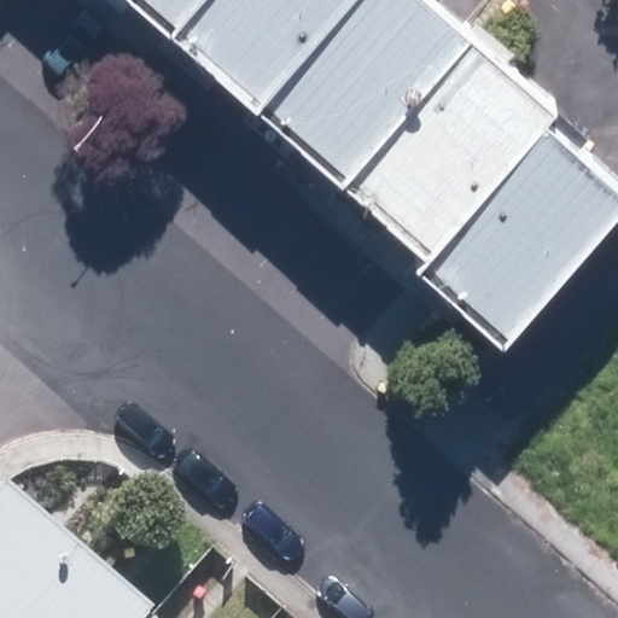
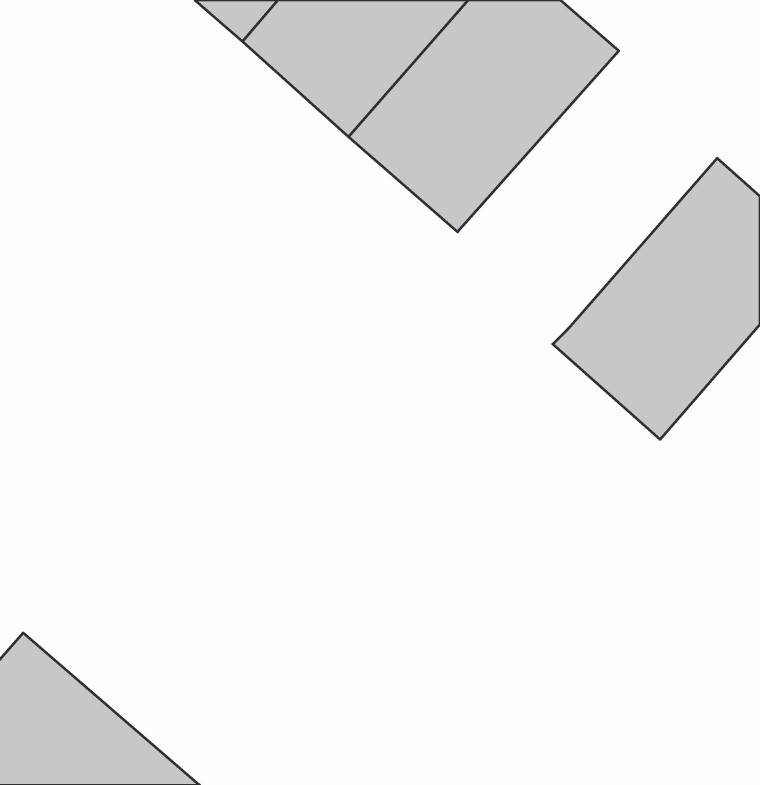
building: [360,40,572,258] -> none

